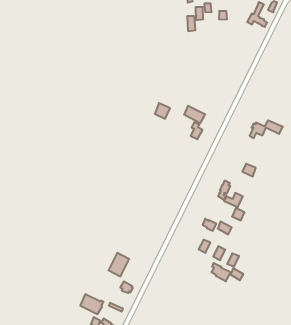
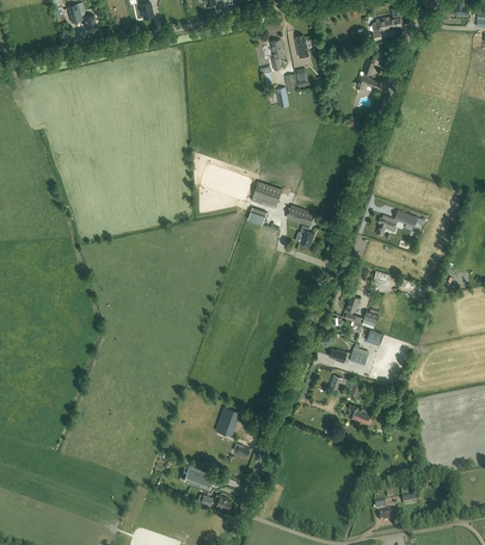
building: none -> [251,182,282,209]

